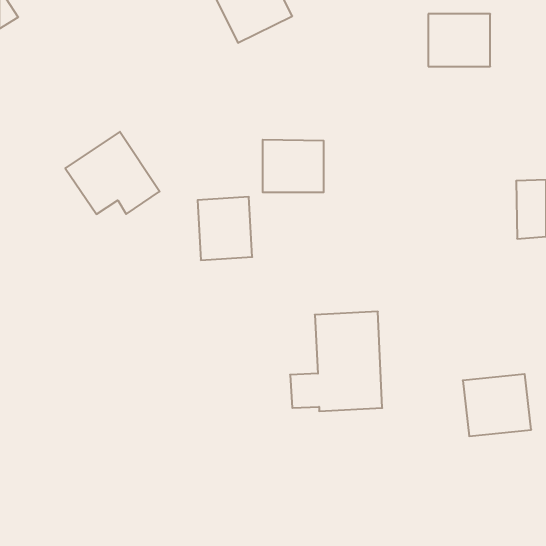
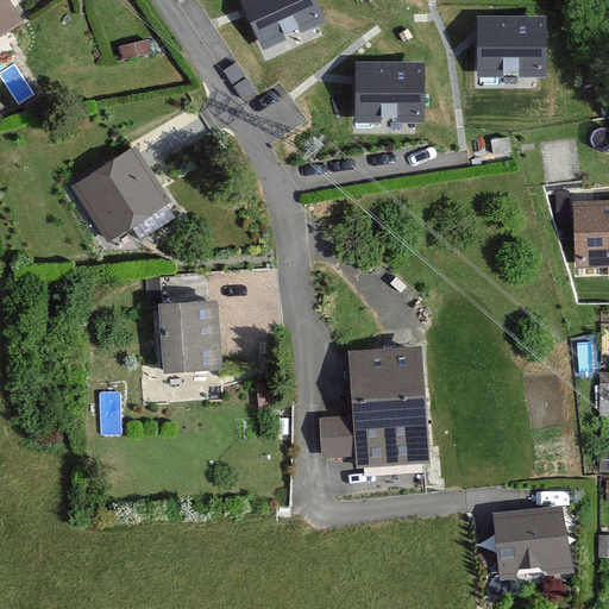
building: [263,140,324,192] -> [356,62,423,120]
building: [198,197,252,260] -> [158,301,219,371]
building: [463,374,531,436] -> [494,508,570,577]

